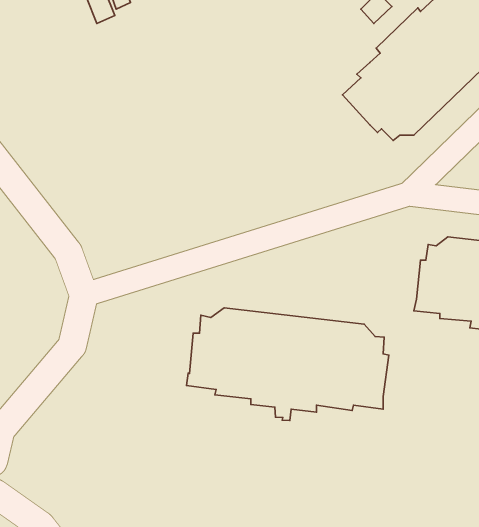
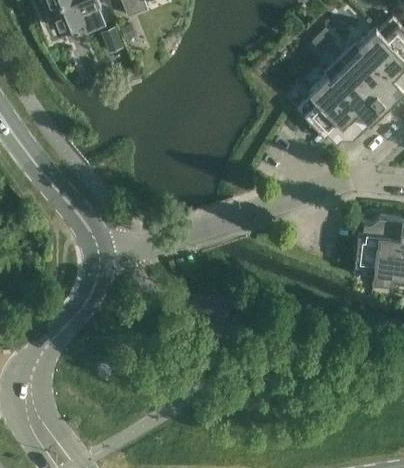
building: [186,308,389,420] -> none

